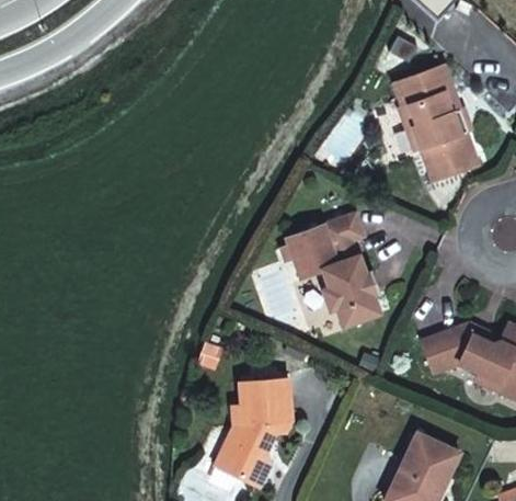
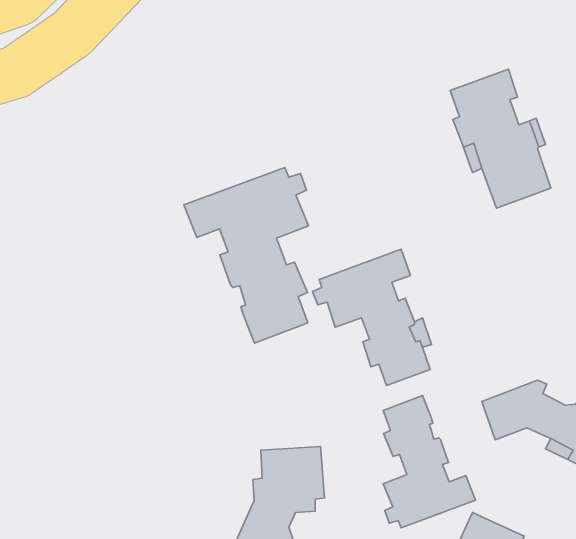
building: none -> [184,167,309,343]
building: none -> [383,396,475,528]

